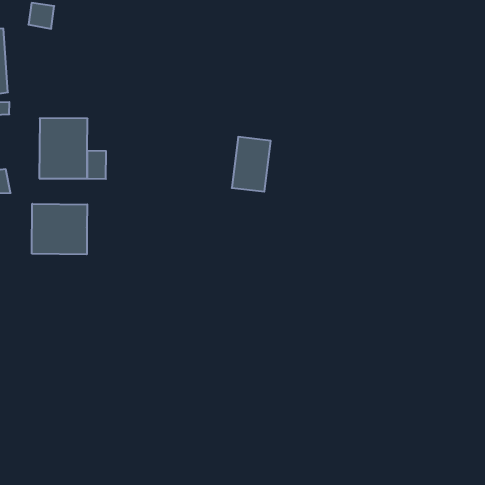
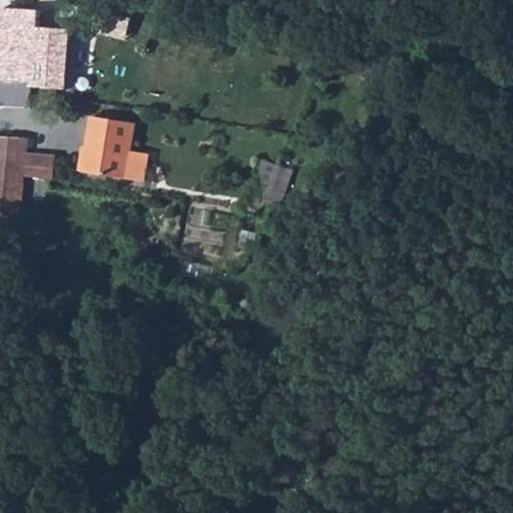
building: [32,204,87,254] -> none

